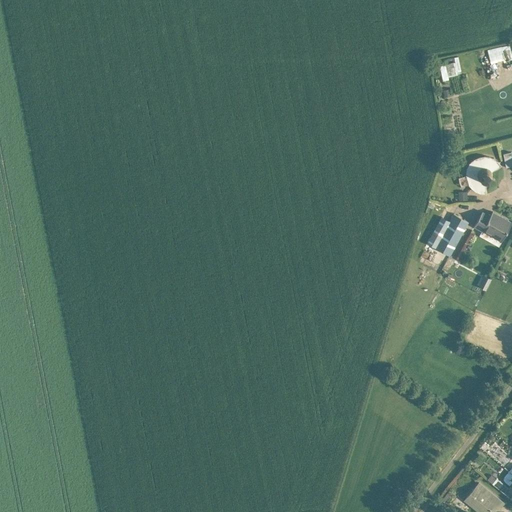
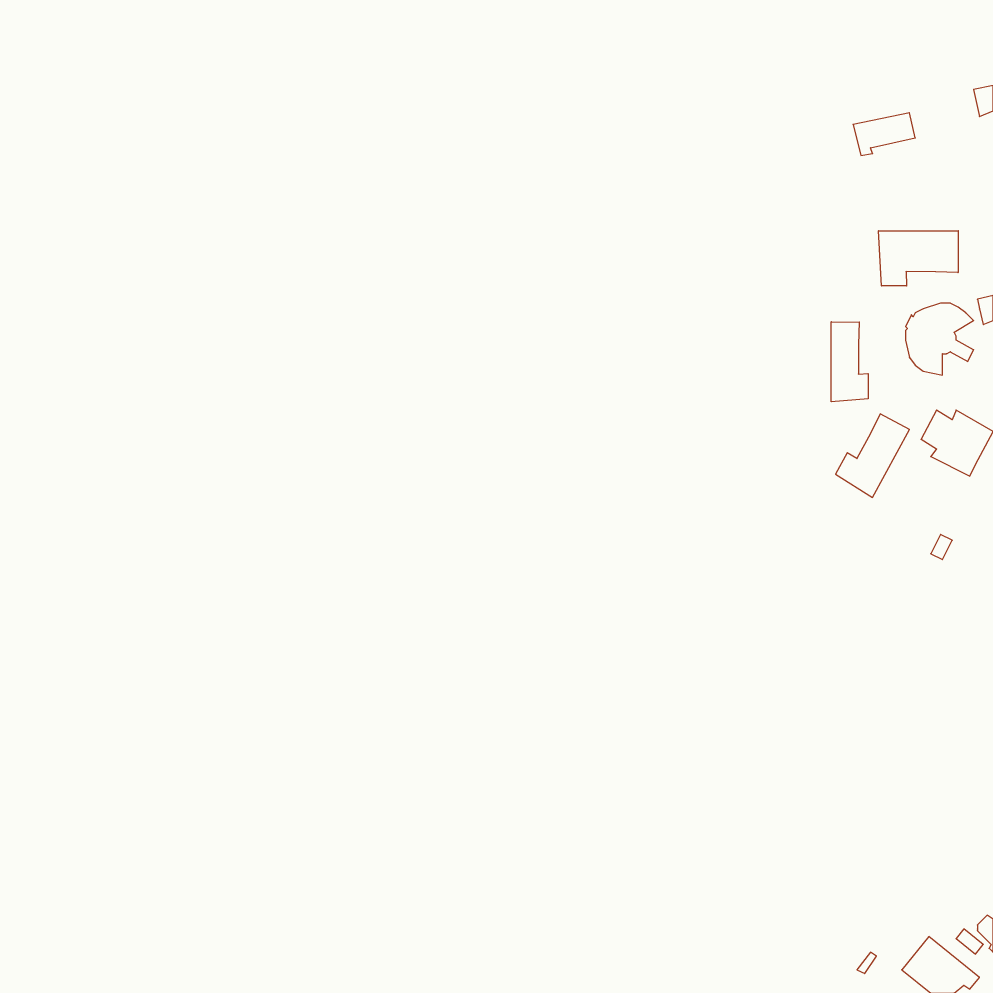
building: none -> [879,231,958,286]
building: none -> [831,322,868,402]

